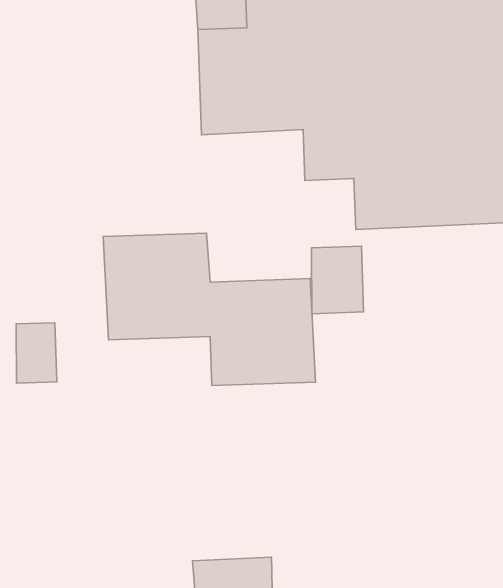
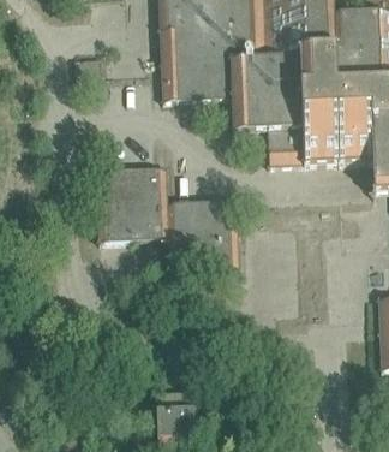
building: [311,246,364,314] -> none
building: [16,323,57,383] -> none

